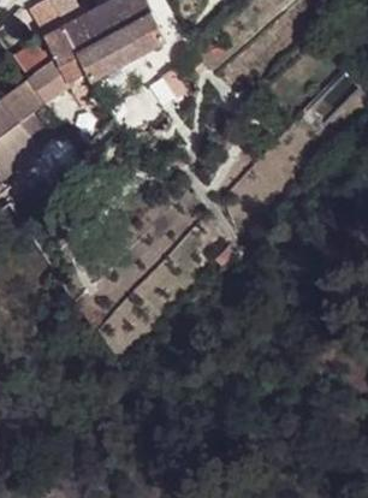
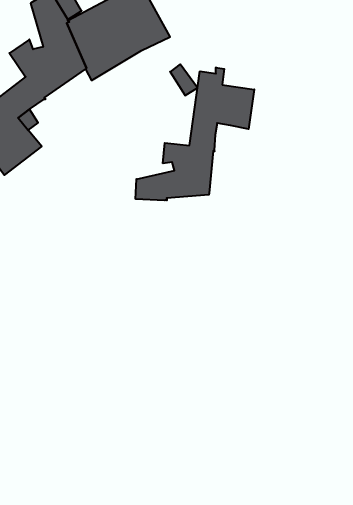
building: none -> [136,67,254,200]

